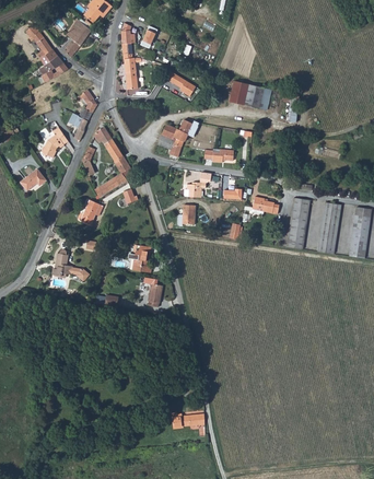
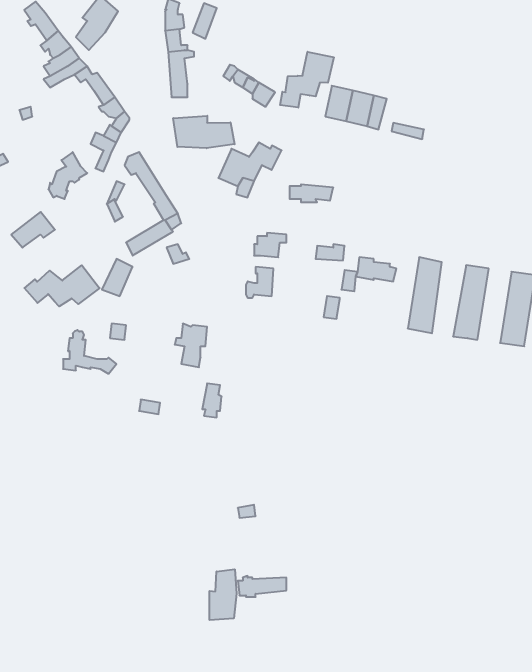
building: none -> [280,52,334,108]
building: none -> [173,116,235,148]
building: none -> [24,265,100,306]
building: none -> [210,569,237,620]

